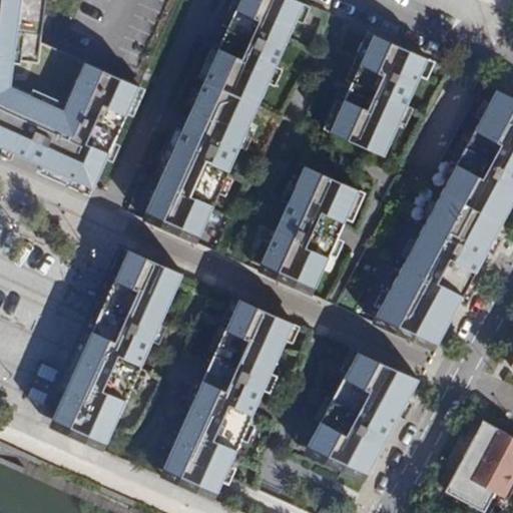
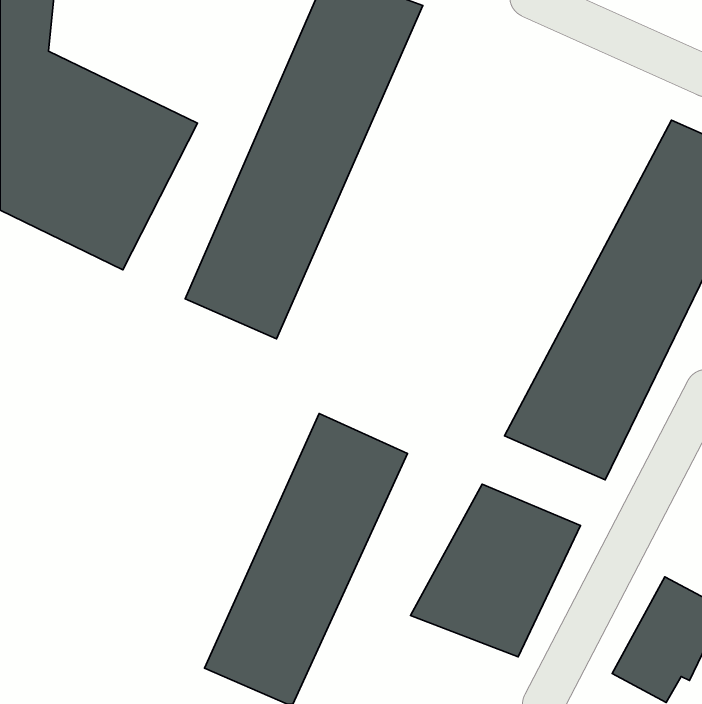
building: [323,29,433,158] -> none
building: [254,165,367,293] -> none
building: [40,245,186,458] -> none

